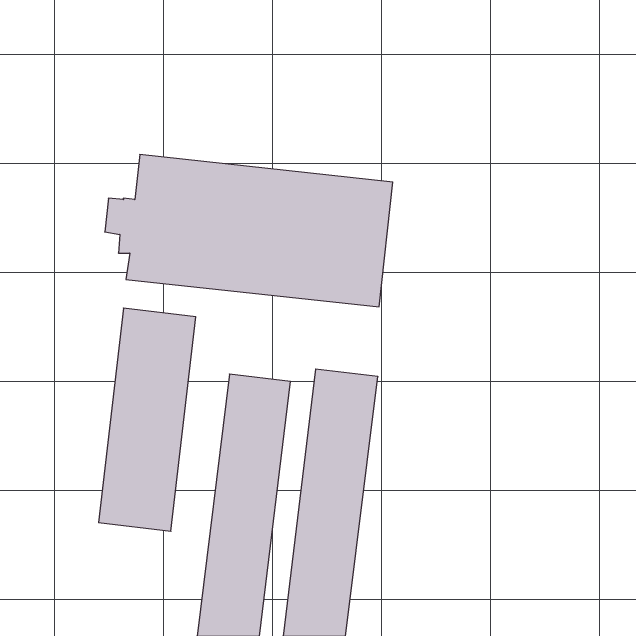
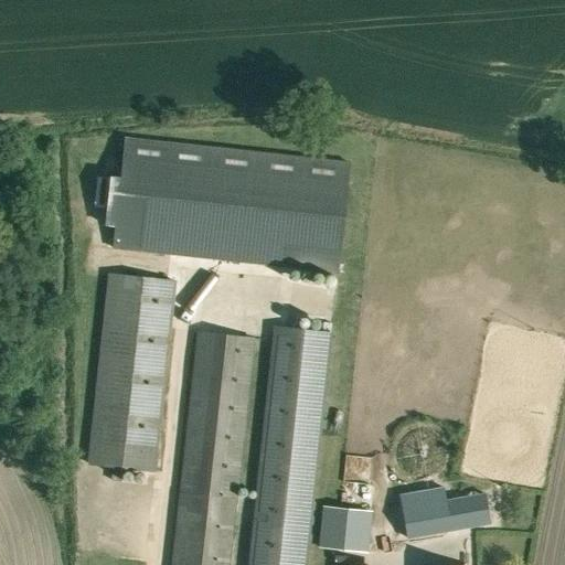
building: none -> [399,486,490,539]
building: none -> [317,505,371,551]

